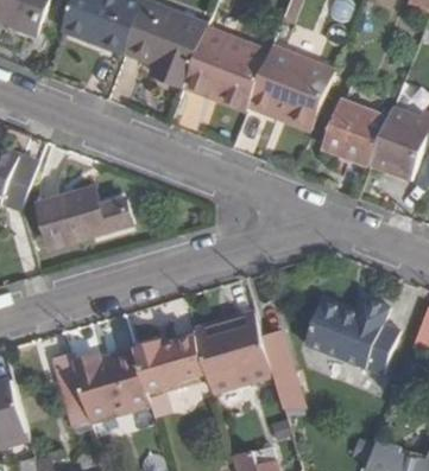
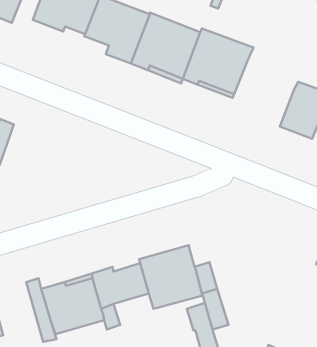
building: [322,101,387,165] -> none
building: [38,187,132,246] -> none
building: [304,285,404,375] -> none

